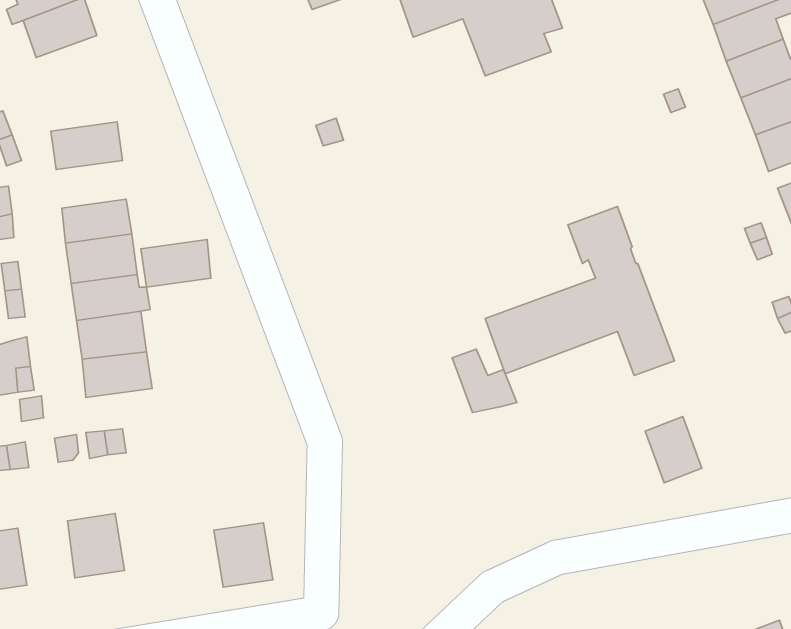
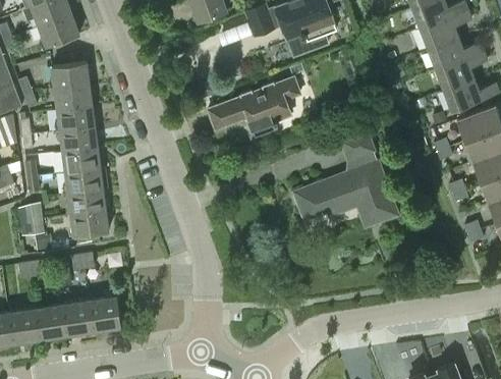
building: none -> [51,62,90,89]
building: none -> [207,77,299,138]
building: [141,240,211,287] -> [56,105,95,131]
building: [452,349,517,413] -> none
building: [645,417,702,483] -> none
building: none -> [35,305,66,340]
building: [214,523,273,587] -> [89,296,121,332]

